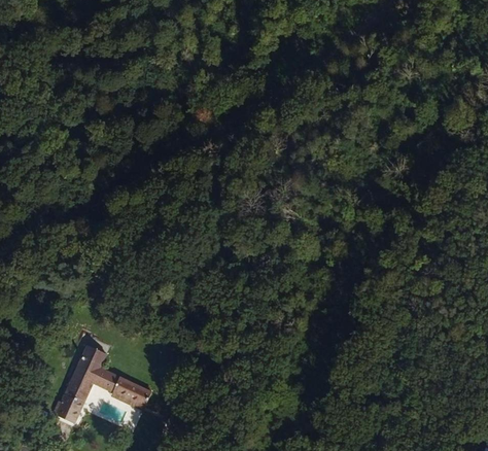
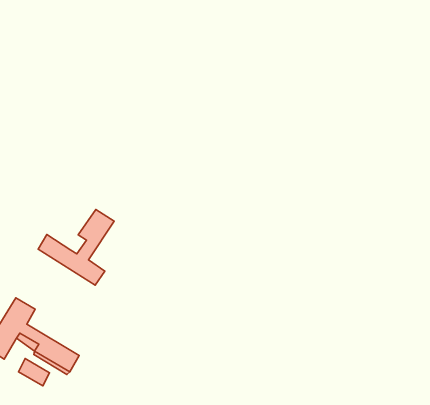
building: none -> [38,209,114,285]

